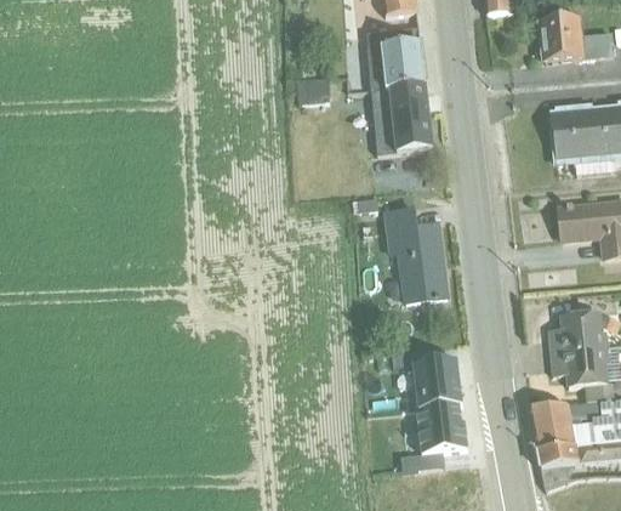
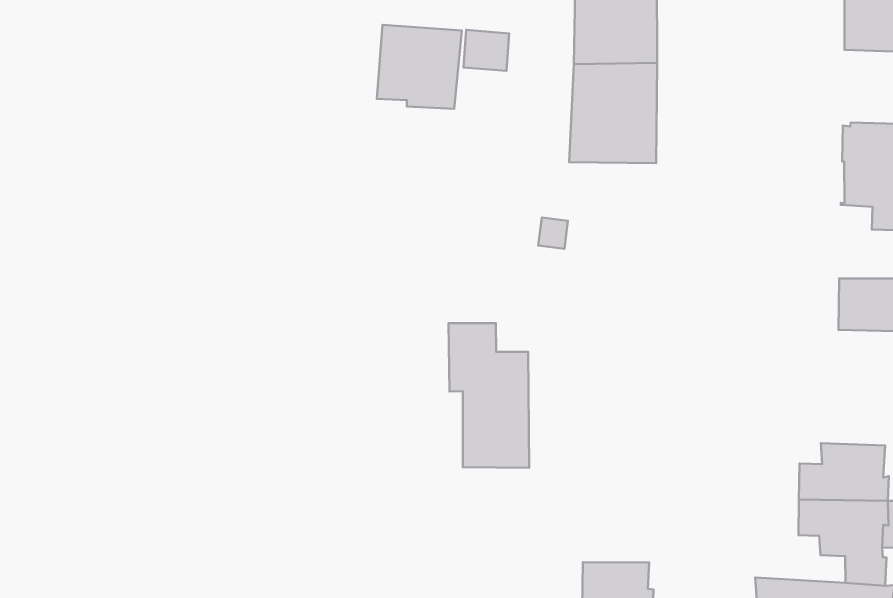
building: none -> [377,25,462,109]
building: [383,208,446,302] -> [448,323,529,468]
building: [412,359,462,409] -> none

